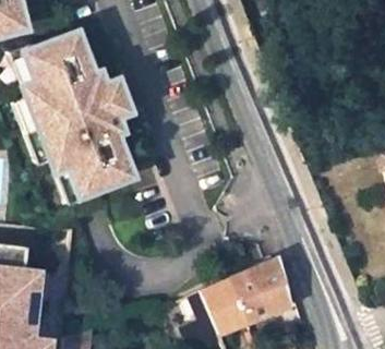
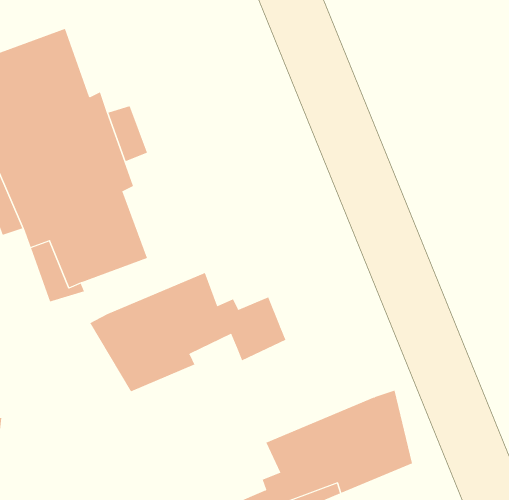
building: none -> [90,272,286,392]

